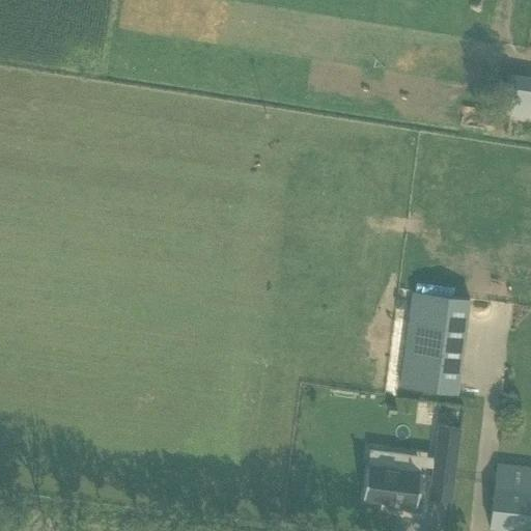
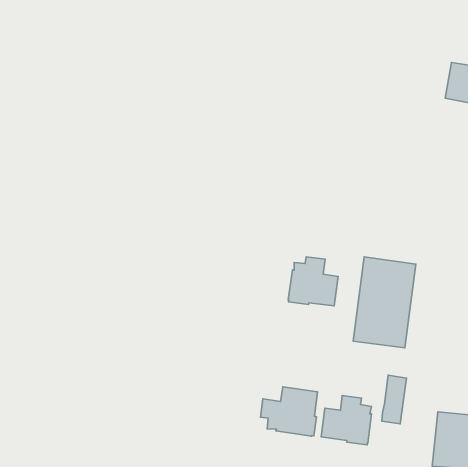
building: none -> [288,257,338,306]
building: none -> [260,387,317,436]

